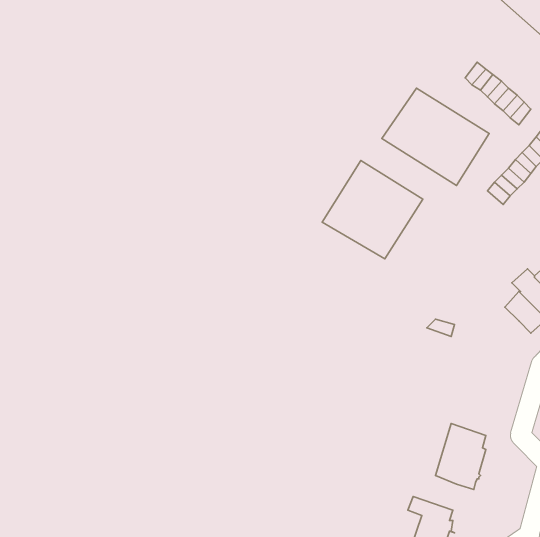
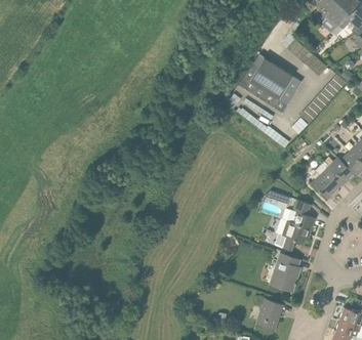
building: [322,160,423,259] -> none
building: none -> [274,200,315,251]

